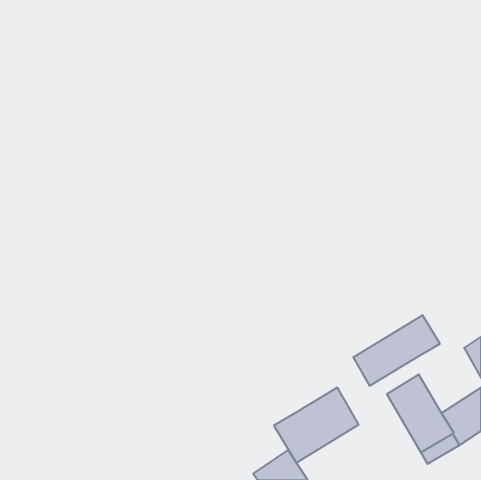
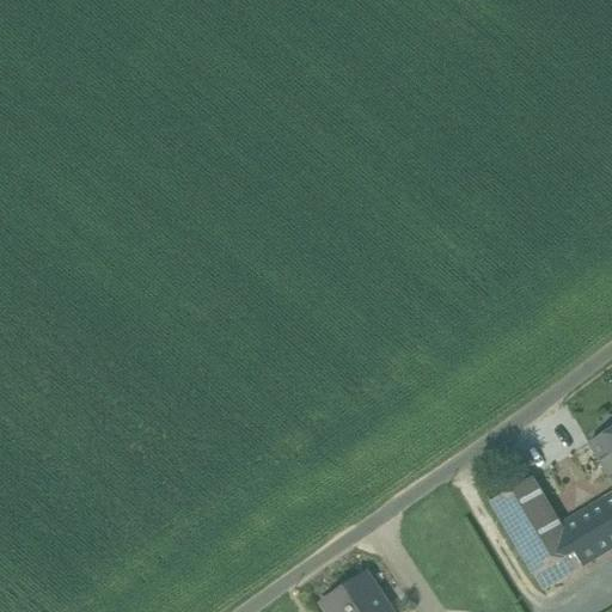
building: [353,315,440,386] -> none
building: [274,387,359,463] -> none

